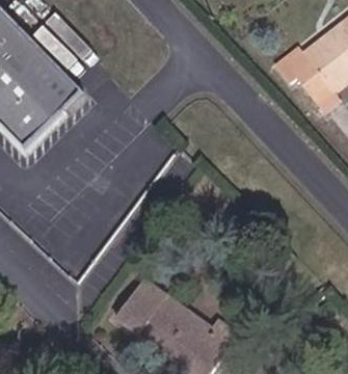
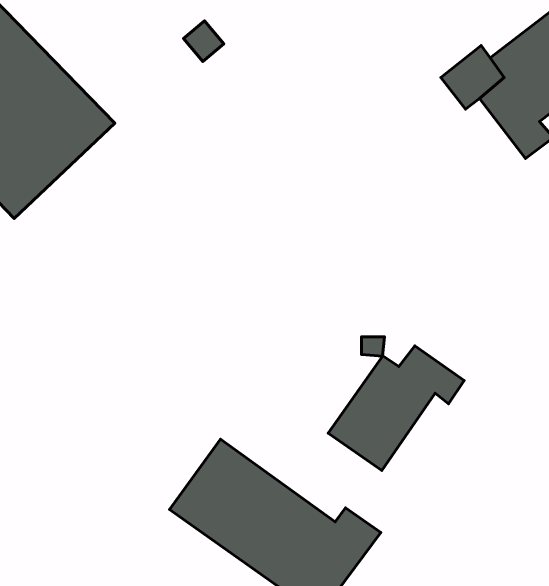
building: none -> [328,346,464,470]

